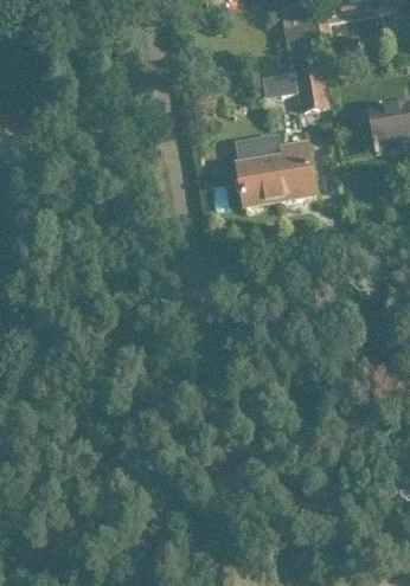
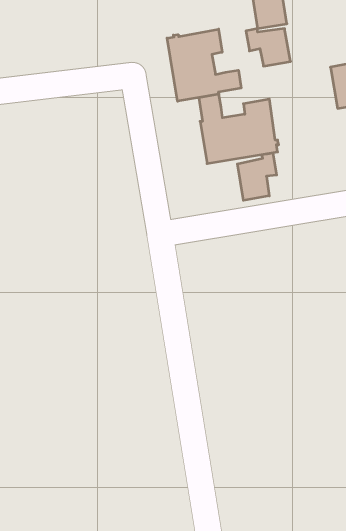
building: none -> [167,29,241,101]
building: none -> [237,153,277,200]

